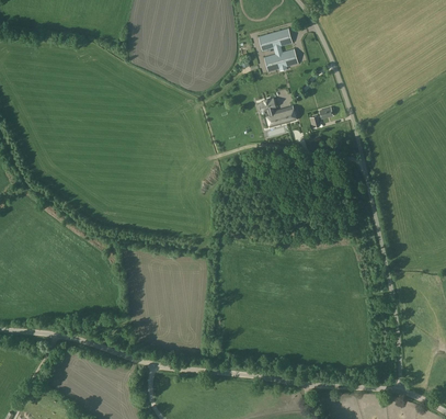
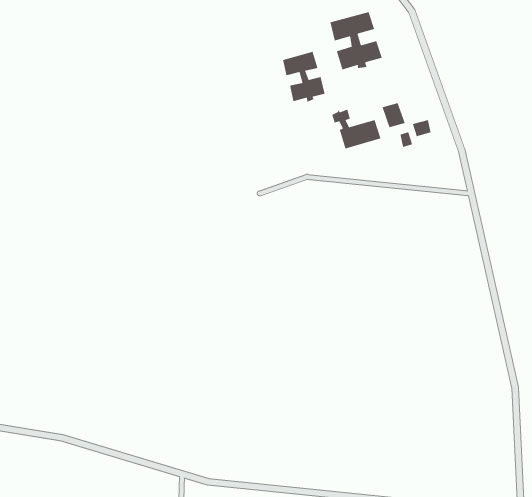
building: none -> [282,51,326,103]

